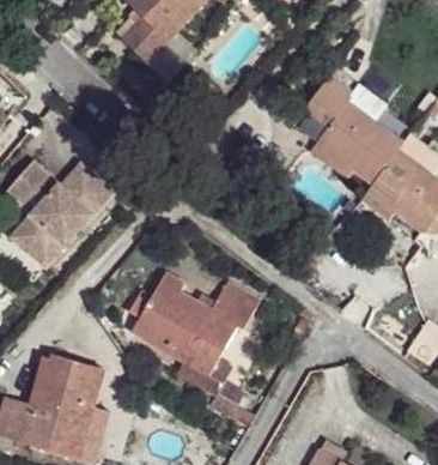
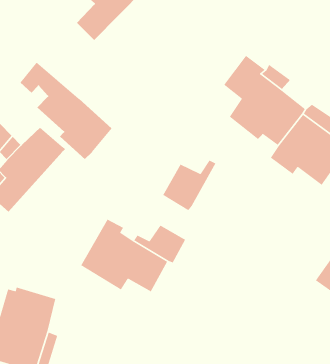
building: none -> [19,62,112,160]
building: none -> [162,160,216,211]
building: [174,346,225,392] -> none

